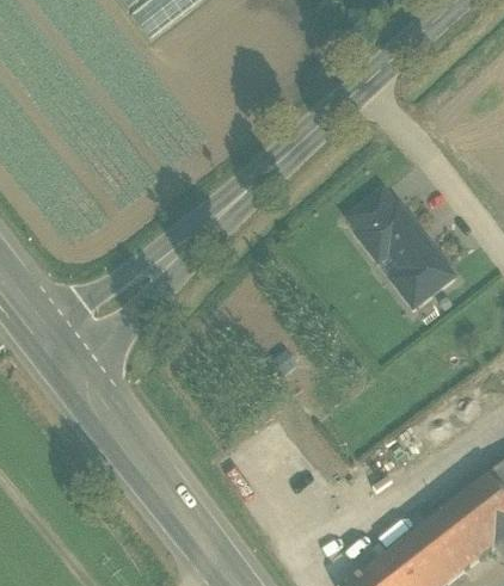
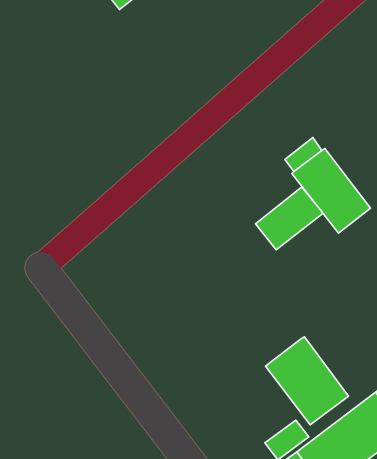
building: none -> [256,187,323,250]
building: none -> [266,337,349,425]

